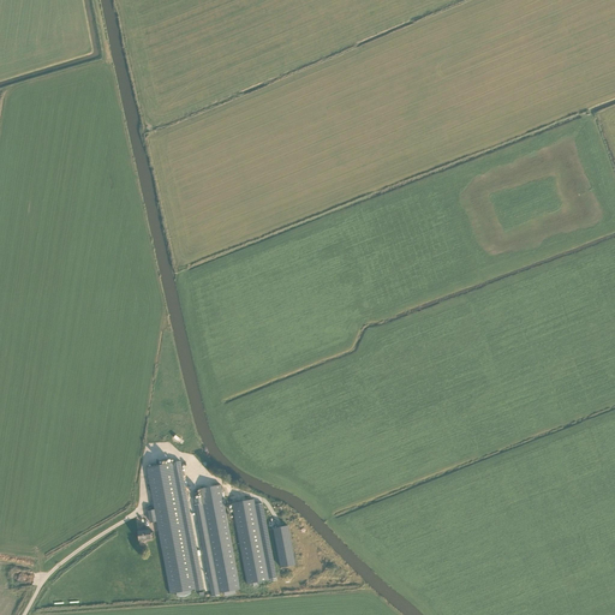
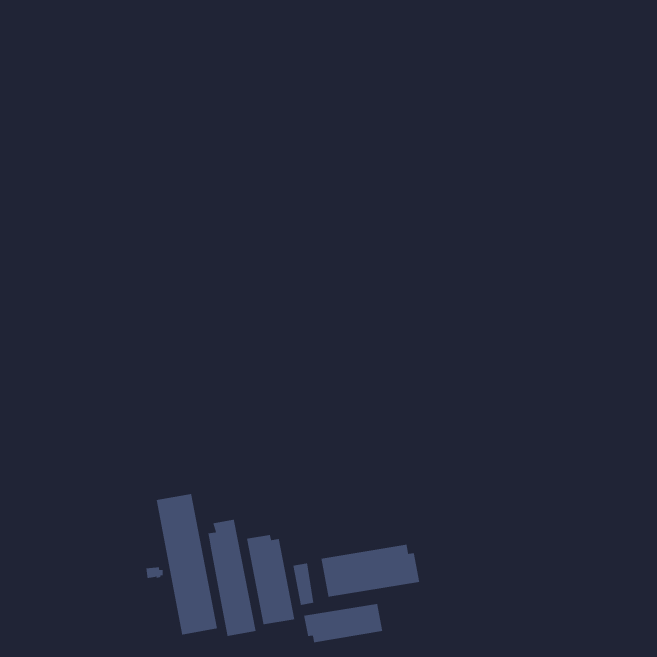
building: none -> [321,544,420,597]
building: none -> [304,603,383,643]

